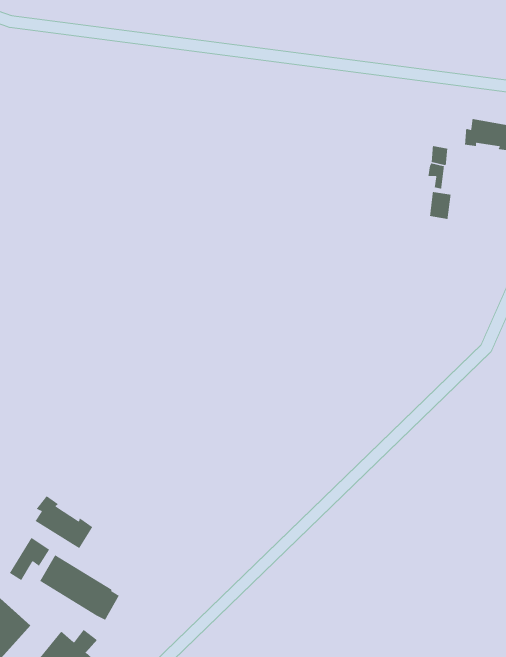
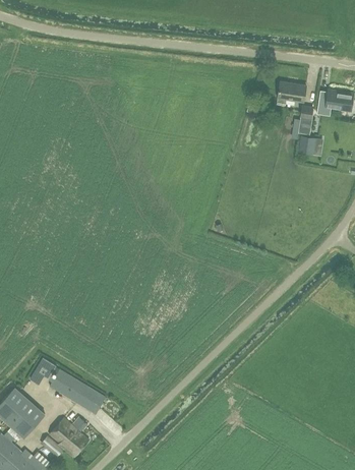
building: none -> [277,80,306,104]
building: [35,495,94,549] -> none

